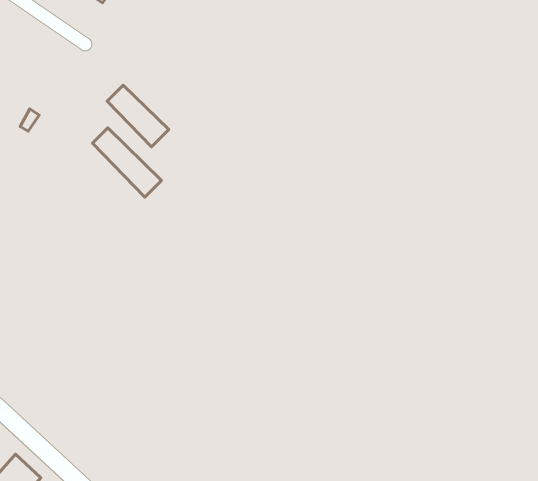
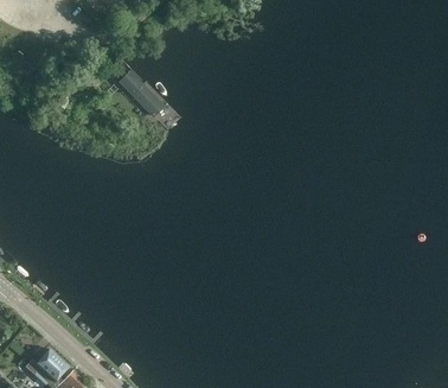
building: [92,128,162,197] -> none

